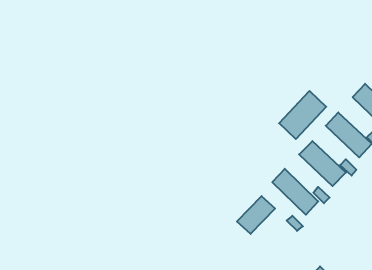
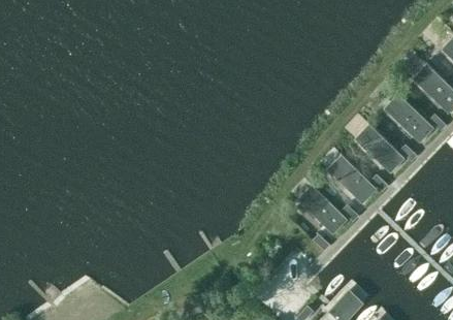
building: [279,91,326,139] -> none
building: [237,196,275,234] -> none

